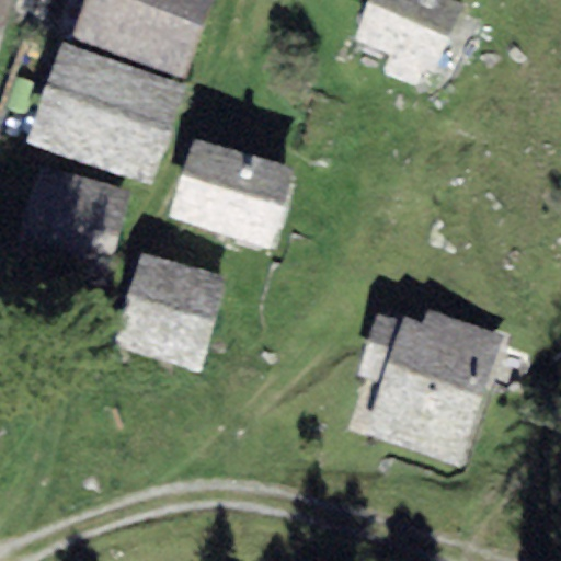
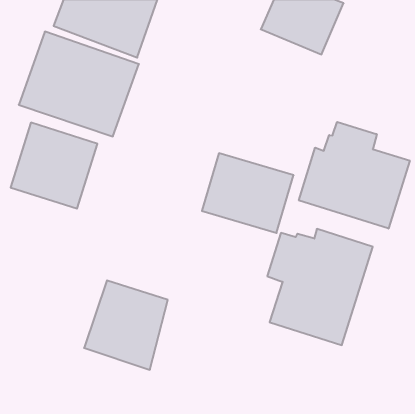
building: [170,139,294,247] -> [202,153,294,233]
building: none -> [299,122,410,229]
building: [112,252,225,373] -> [84,280,168,370]

